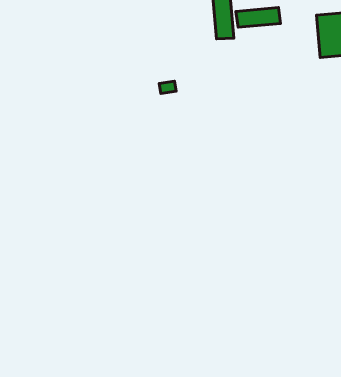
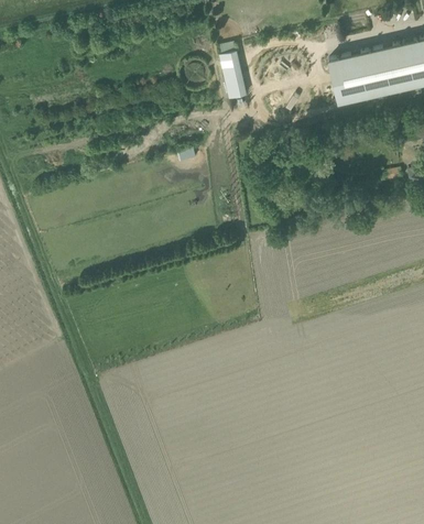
building: [236,8,281,27] -> none

